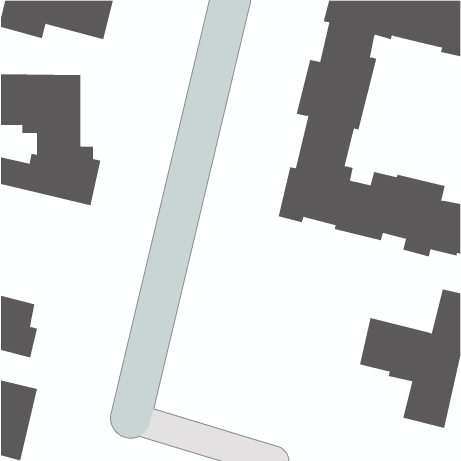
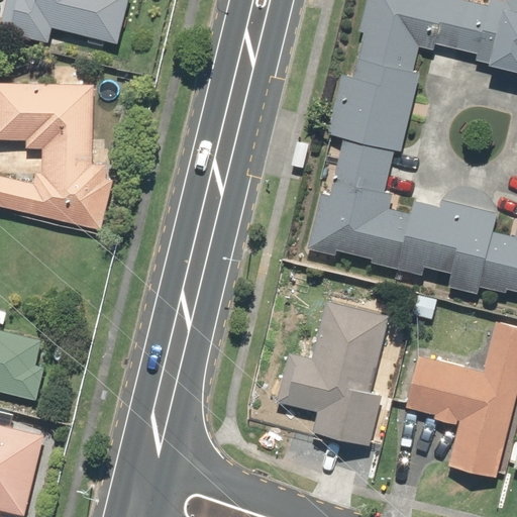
building: none -> [274,298,395,450]

